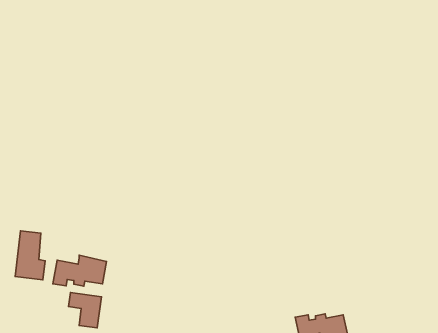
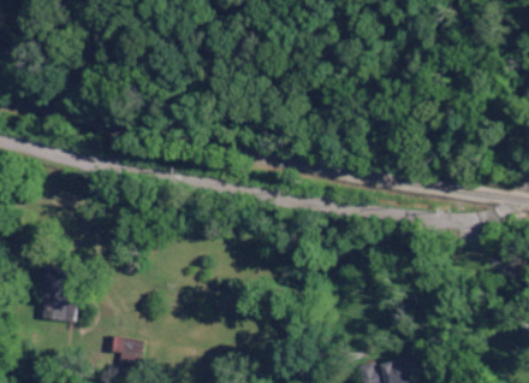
building: [53,255,107,286] -> none

